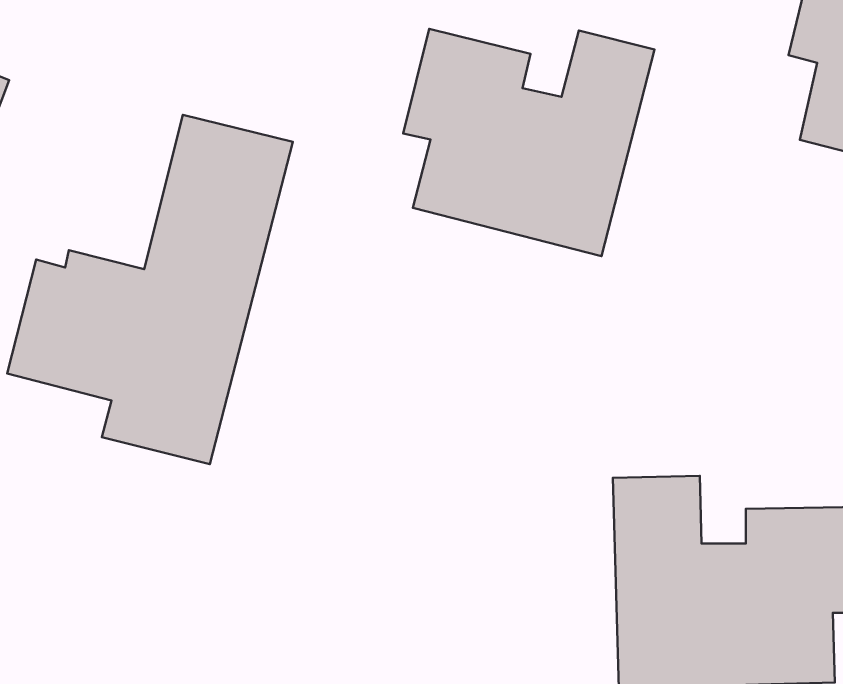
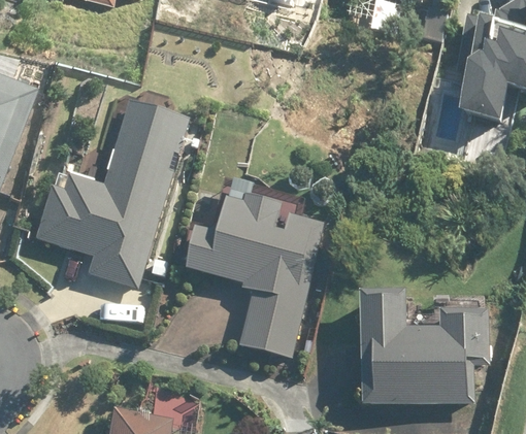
building: [403,29,655,256] -> none
building: none -> [187,194,326,355]

